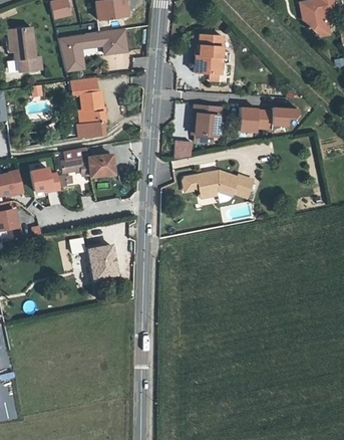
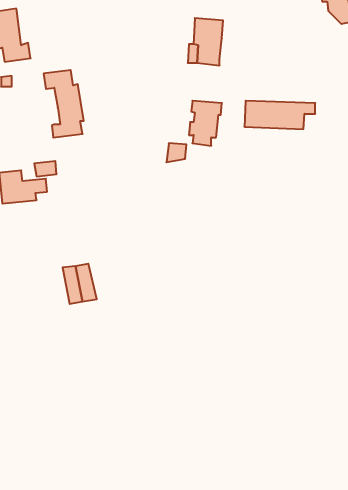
building: [61,27,131,72] -> none
building: [87,154,112,175] -> none
building: [189,172,258,198] -> none

